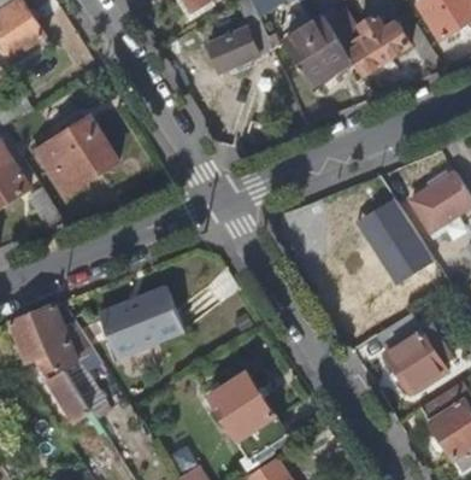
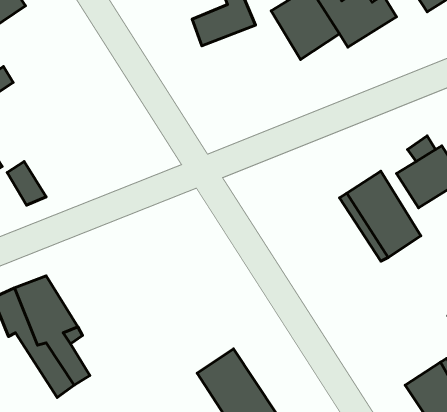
building: [35,116,116,192] -> none
building: [101,286,186,357] -> none
building: [375,312,451,393] -> none

